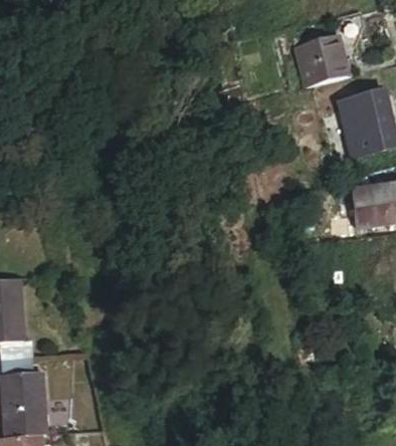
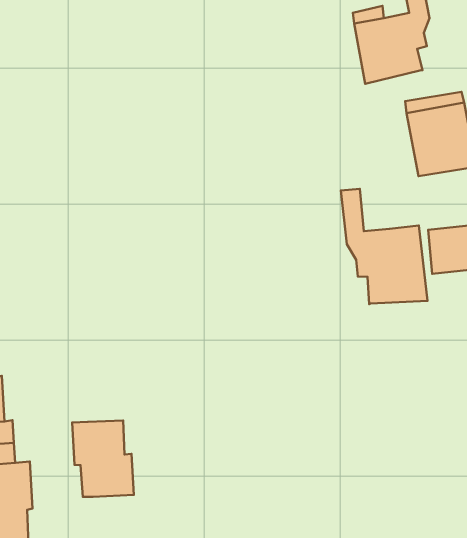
building: none -> [341,189,428,304]
building: none -> [72,421,134,497]

